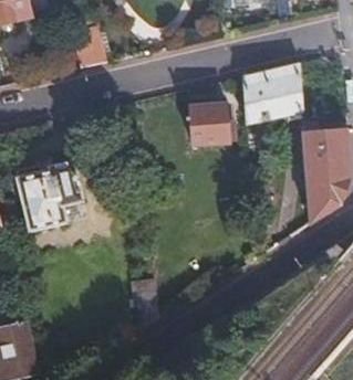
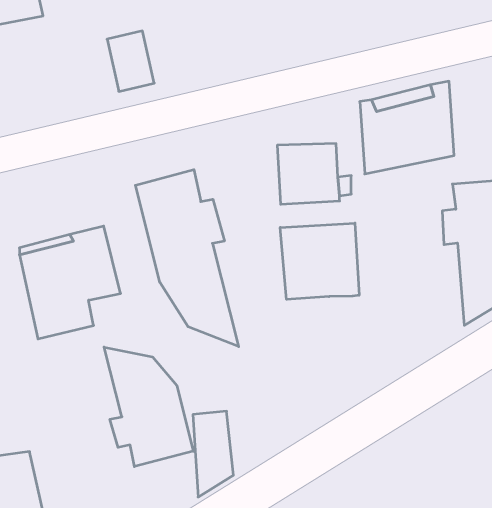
building: none -> [135,170,239,347]
building: none -> [280,223,359,299]
building: none -> [104,347,193,467]

